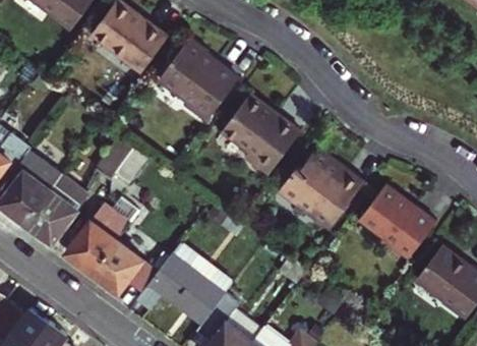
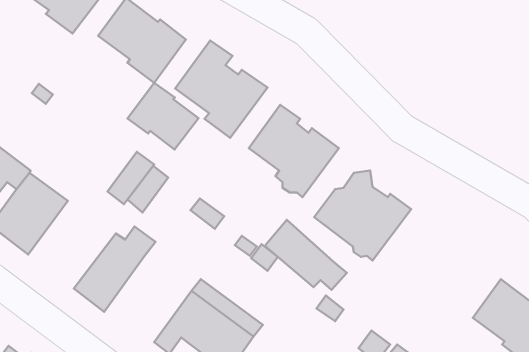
building: none -> [128,83,199,149]
building: [29,177,86,243] -> none
building: [360,185,436,260] -> none
building: none -> [265,220,347,290]
building: [96,226,145,294] -> none

